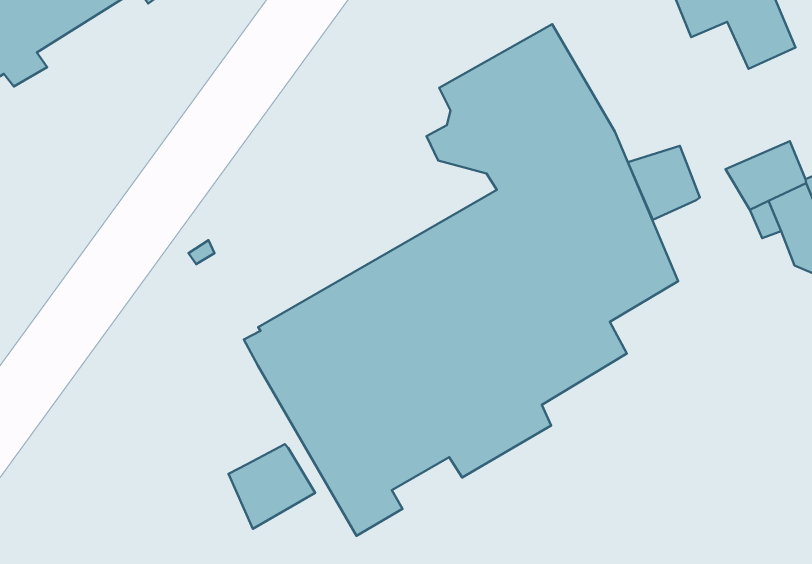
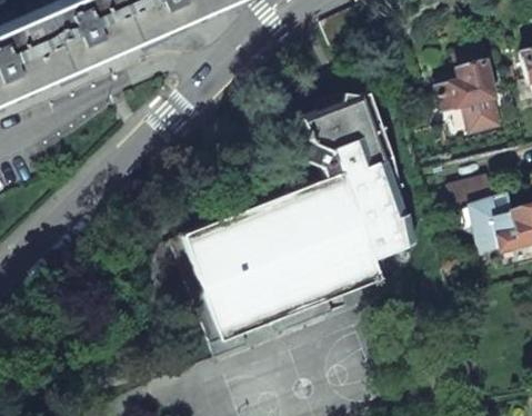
building: [628,146,700,220] -> none
building: [228,444,315,529] -> none

